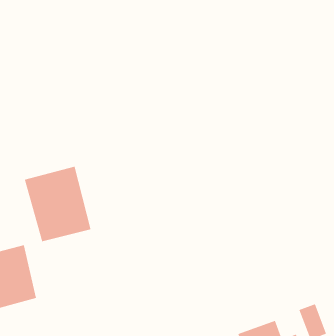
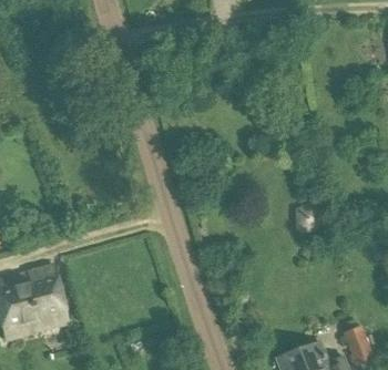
building: [24,166,91,242] -> none

